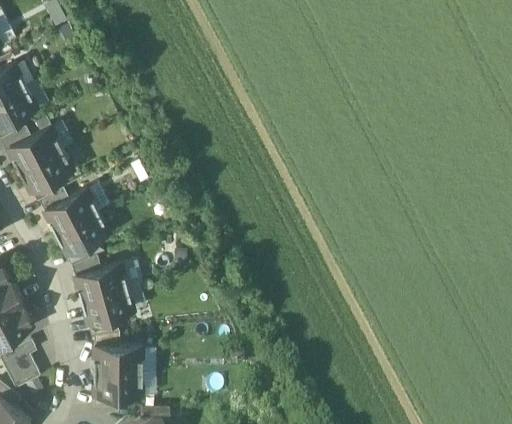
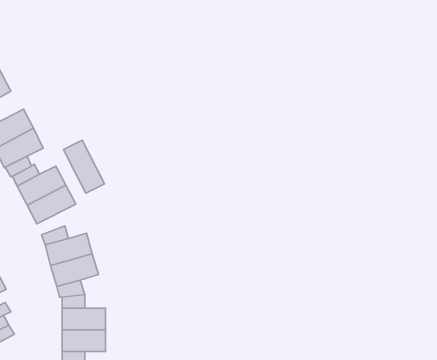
building: none -> [64,140,105,193]

